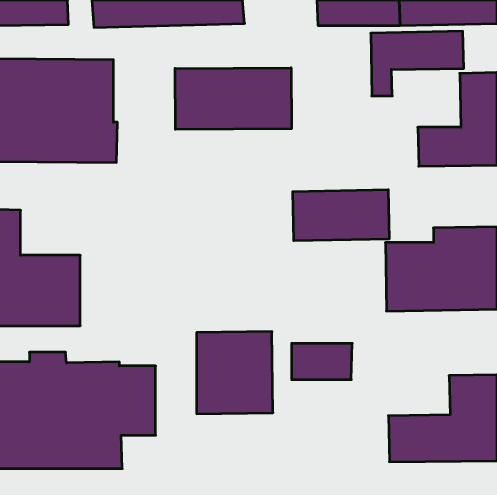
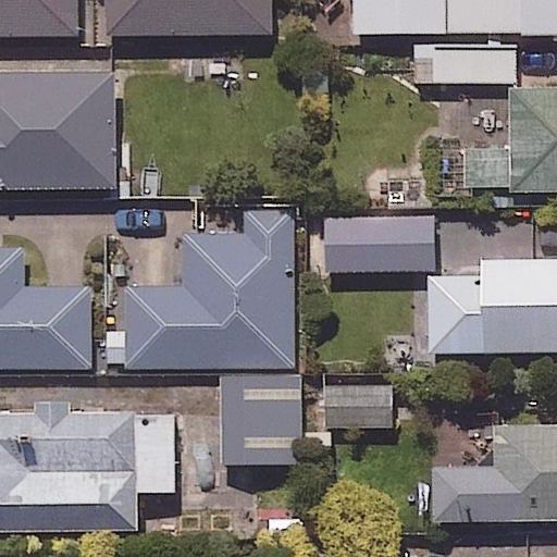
building: [175,68,291,129] -> none
building: none -> [104,214,295,368]

